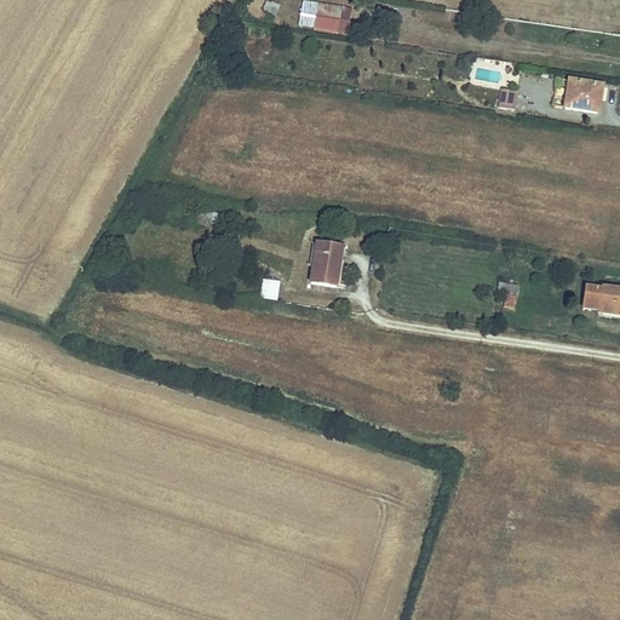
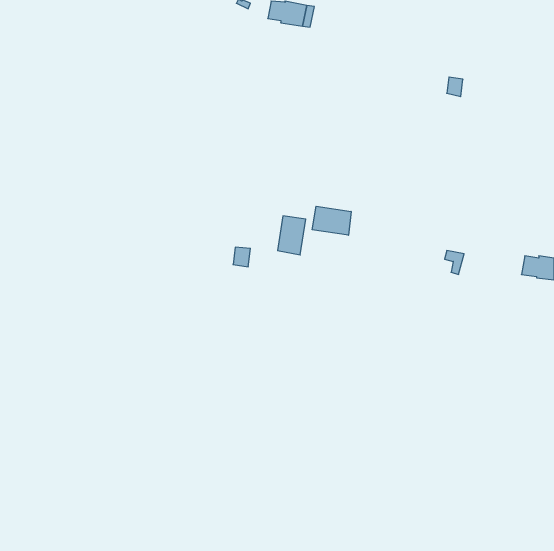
building: [564,78,602,110] -> none
building: none -> [312,206,351,235]

